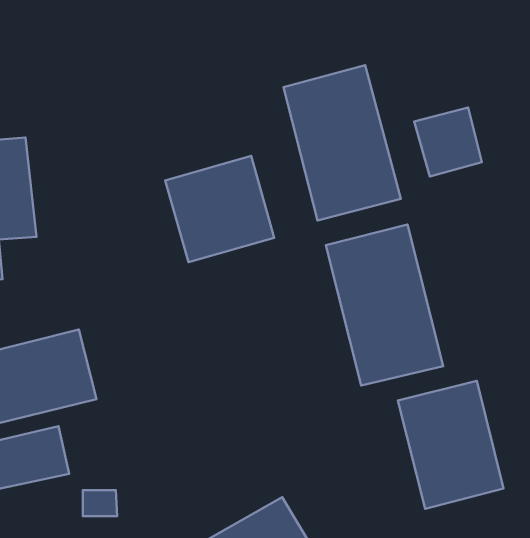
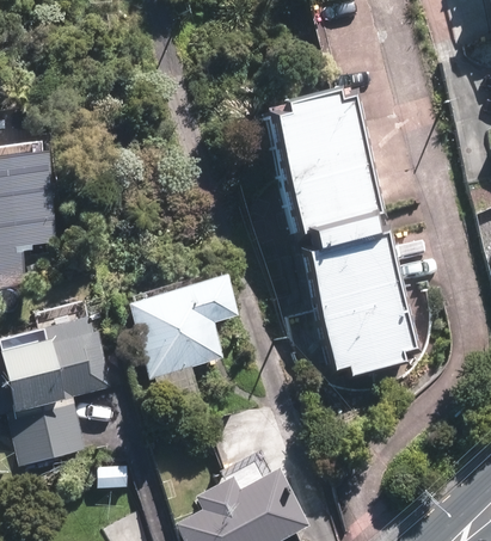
building: [414,108,482,177] -> none
building: [165,156,274,262] -> [145,279,240,373]
building: [398,381,503,509] -> none

